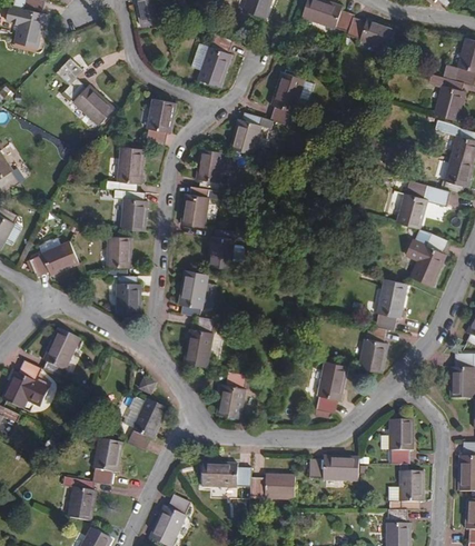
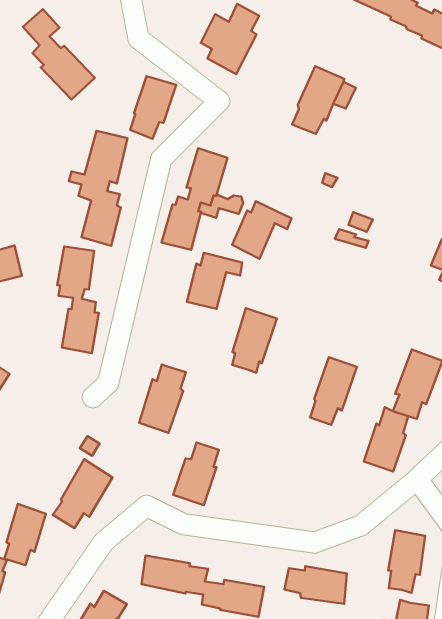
building: [230,112,273,156] -> [232,201,292,259]
building: [179,269,209,317] -> [232,308,277,373]
building: [317,361,347,413] -> [310,357,357,425]

